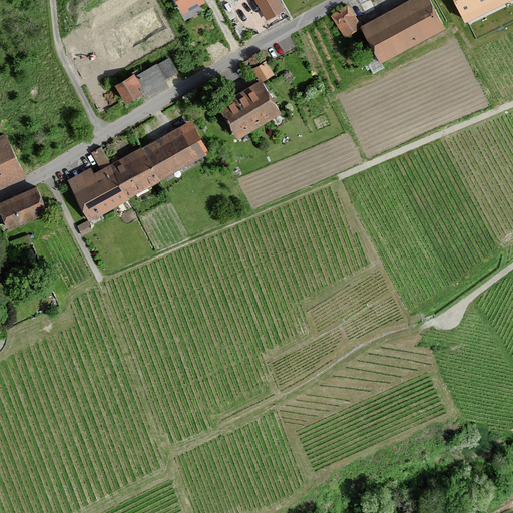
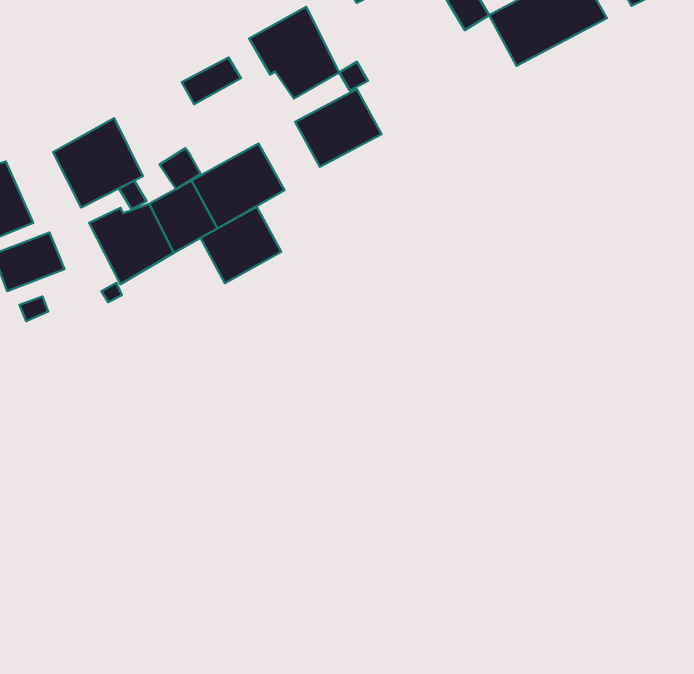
building: none -> [249,7,339,99]
building: [113,73,143,103] -> [160,148,201,189]
building: none -> [53,118,143,208]
building: none -> [200,207,281,283]

